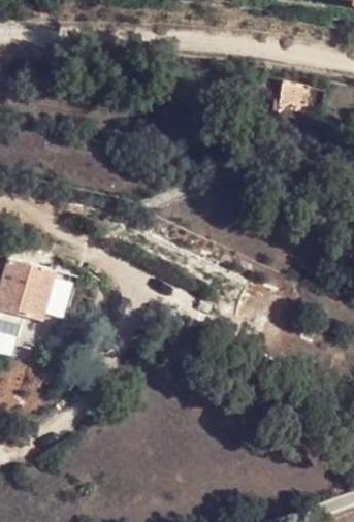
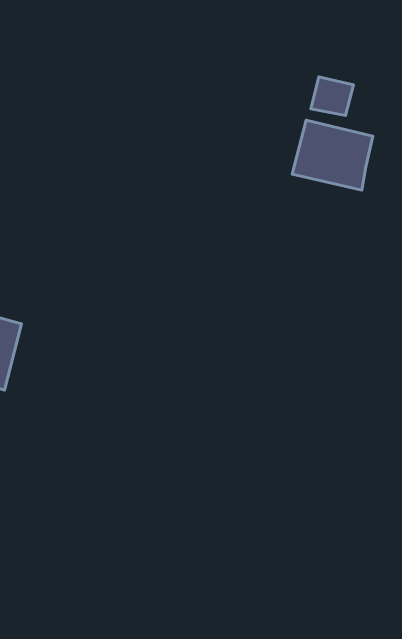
building: none -> [292,120,373,190]

